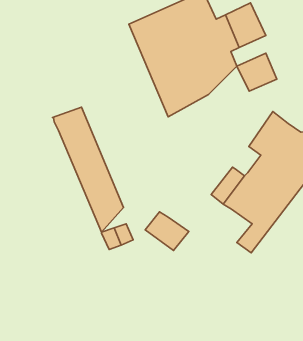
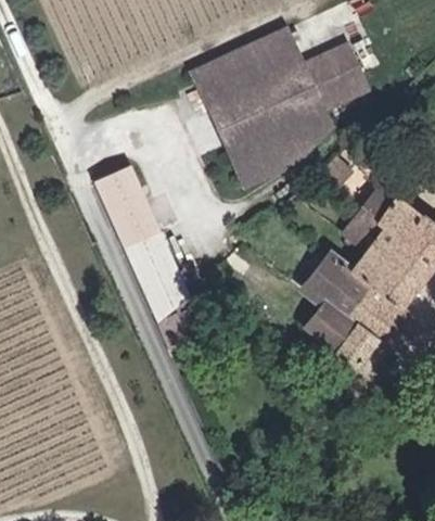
building: [237,53,277,91] -> none
building: [145,212,189,250] -> [297,302,353,351]

